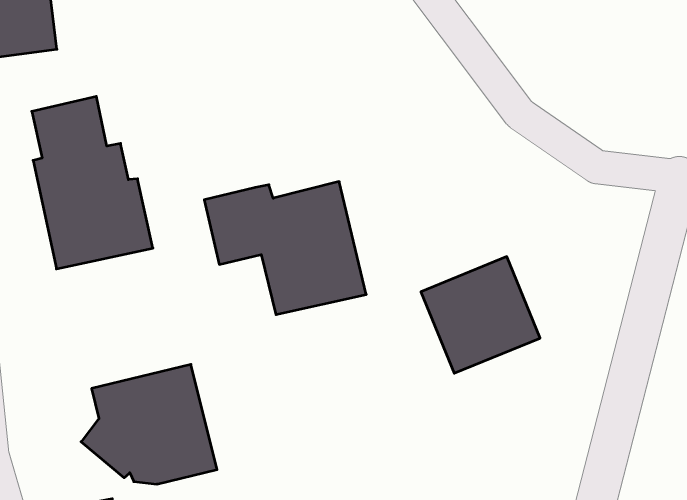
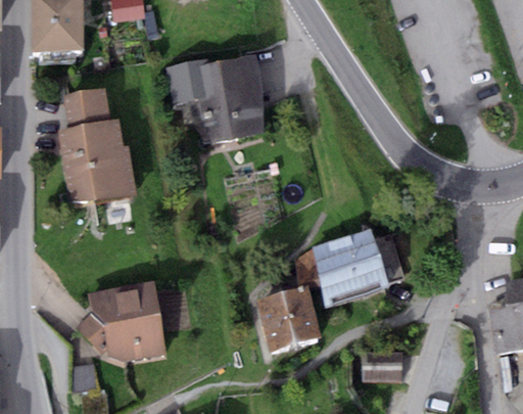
building: [204,182,366,315] -> [165,63,268,150]
building: none -> [256,283,323,350]
building: none -> [361,352,401,381]

